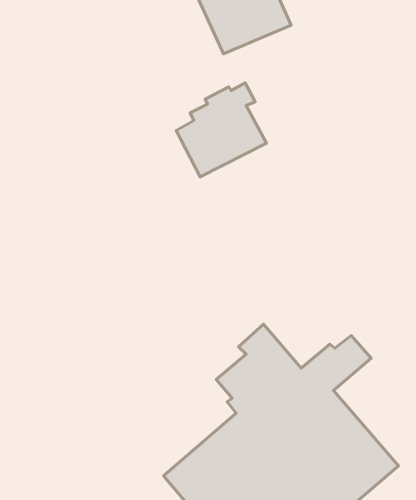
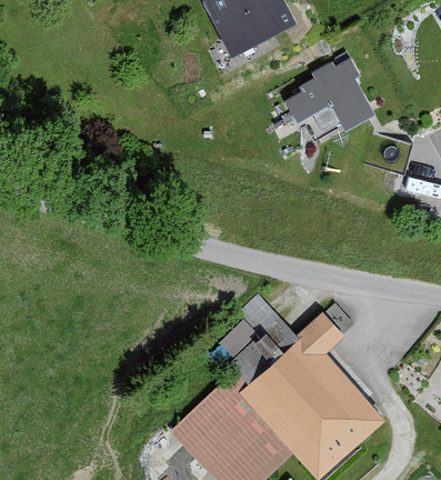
building: [176,83,266,177] -> [288,60,368,143]

